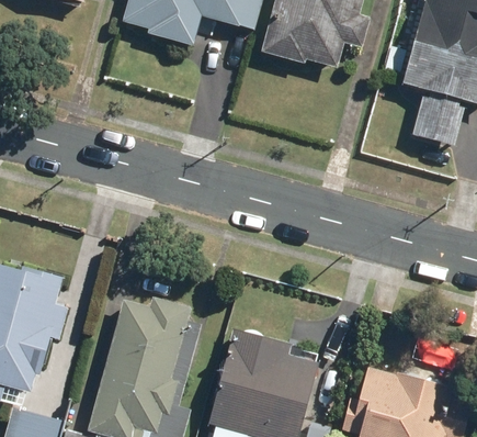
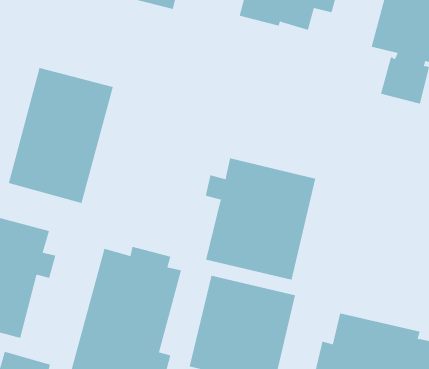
building: none -> [8,67,114,204]
building: none -> [205,157,316,281]

